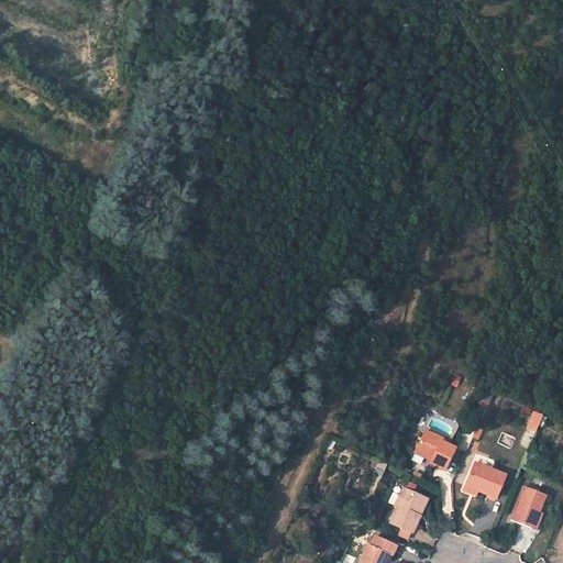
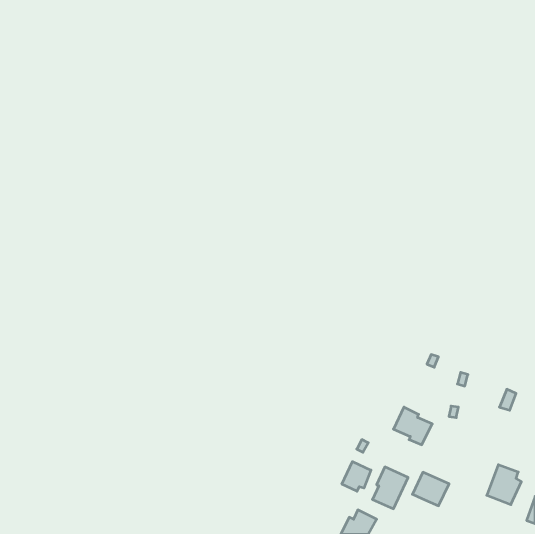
building: [465,461,504,496] -> [412,472,449,506]
building: none -> [342,462,371,491]

